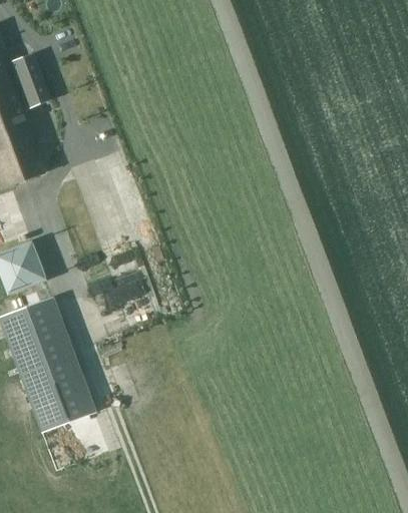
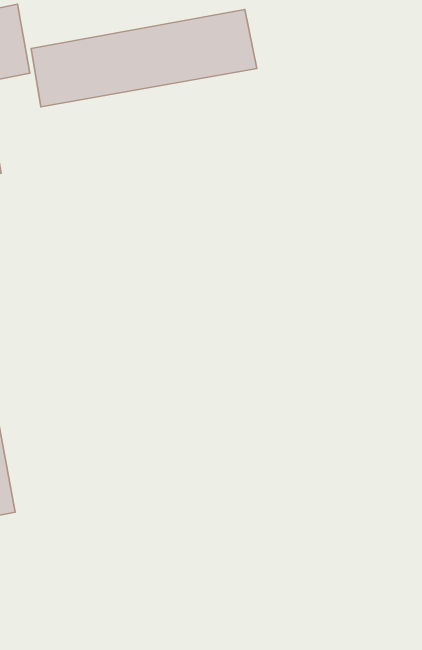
building: none -> [31,10,257,107]

